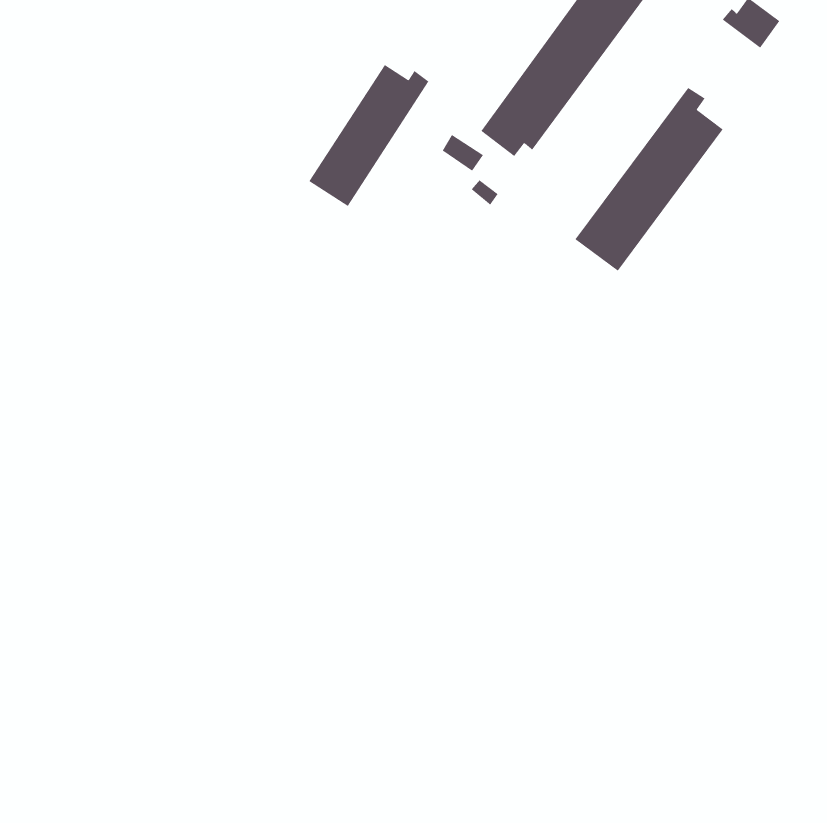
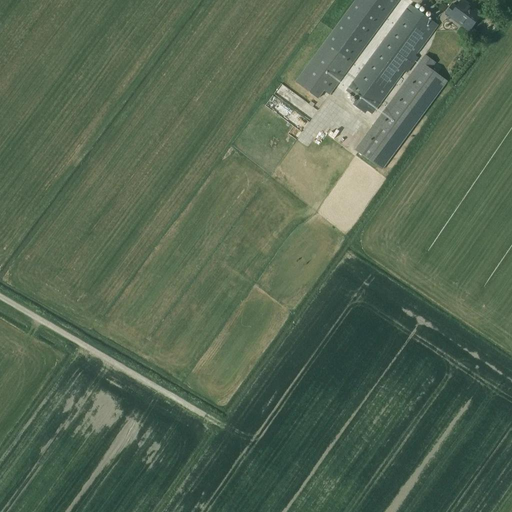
building: none -> [347,4,438,109]
building: [308,64,429,207] -> none

